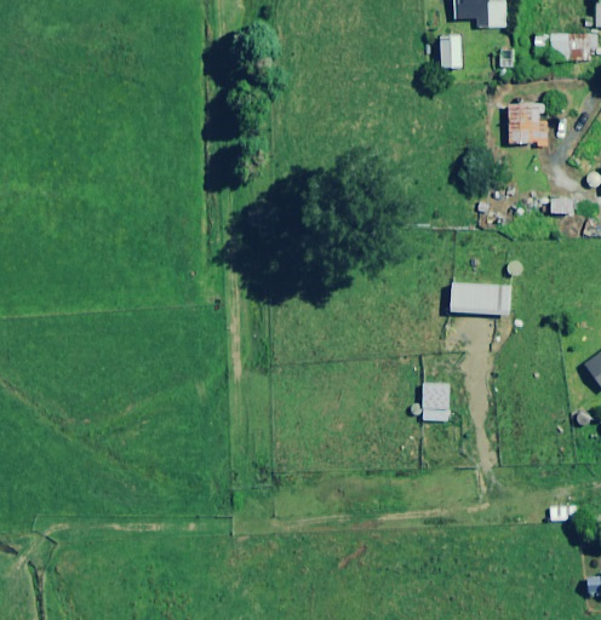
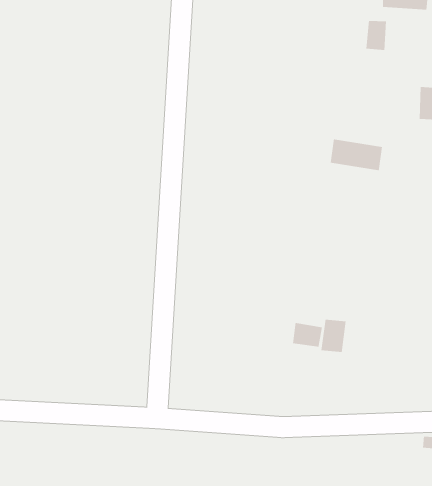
building: [451,282,510,314] -> [330,139,383,171]
building: none -> [292,322,323,347]

